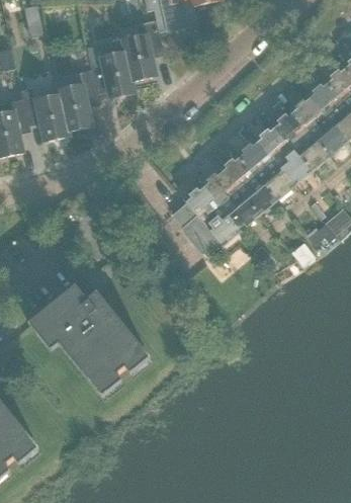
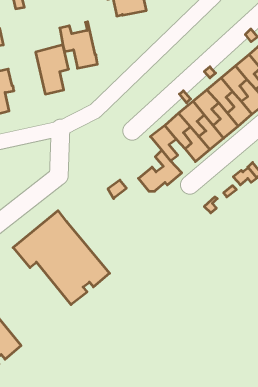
building: [122,19,163,80] -> none
building: [21,81,69,141] -> none
building: [172,183,217,236] -> none
building: [225,186,258,229] -> none

